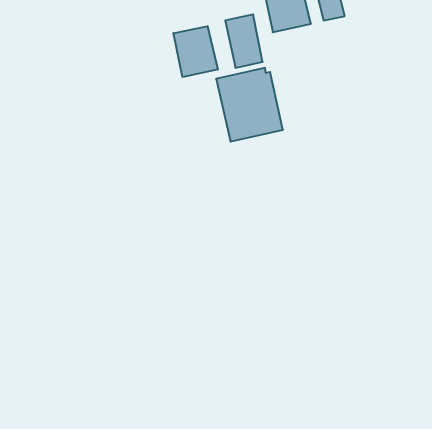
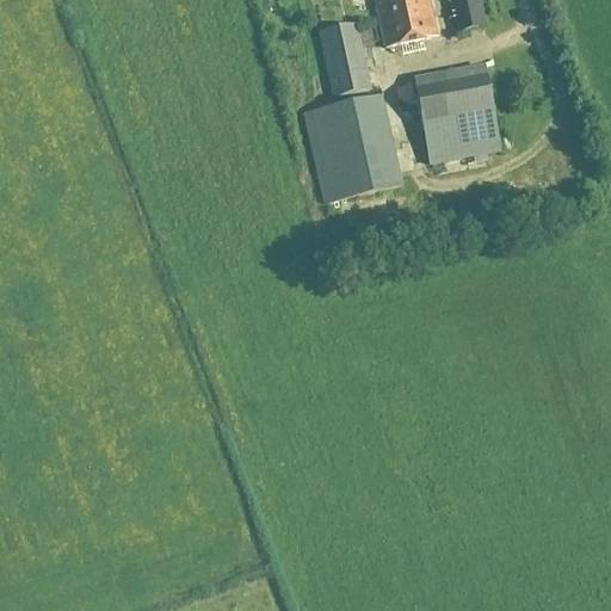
building: [173,26,218,77] -> none
building: none -> [414,63,501,161]

